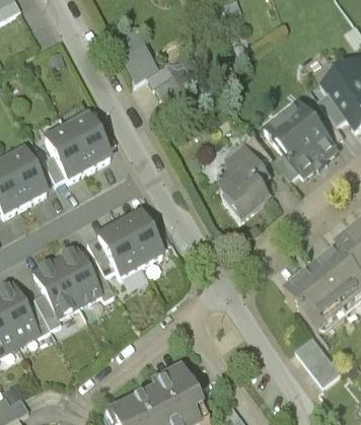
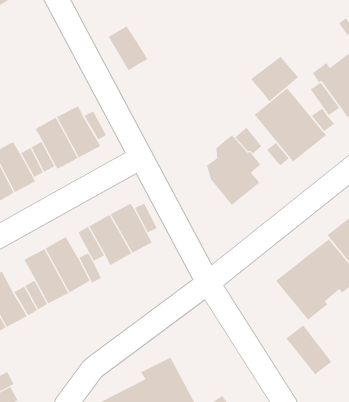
building: [149,61,190,91] -> none
building: none -> [250,56,299,102]

